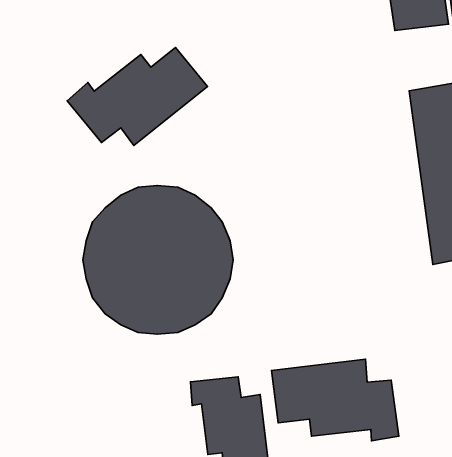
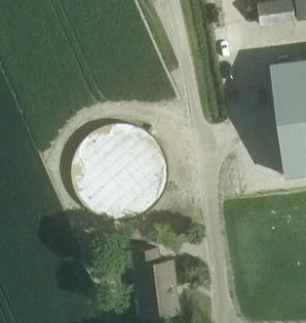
building: [67,48,207,146] -> none
building: [271,359,399,441] -> none

